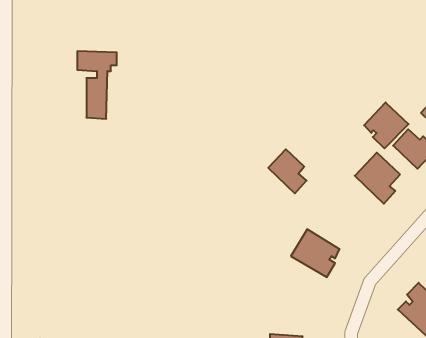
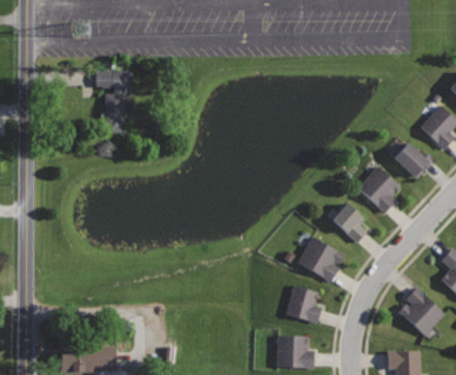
building: [364,102,409,148] -> none
building: [268,149,307,193] -> [331,202,367,244]
building: none -> [285,286,321,324]

